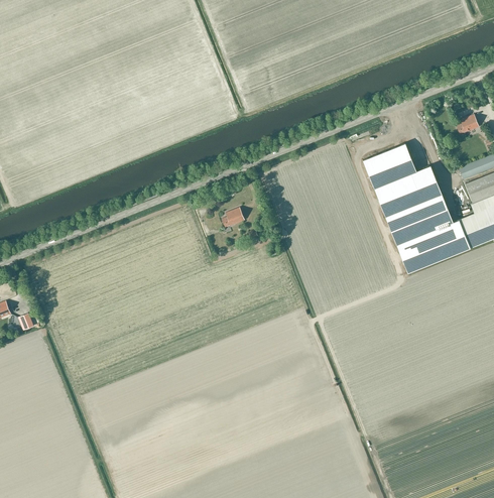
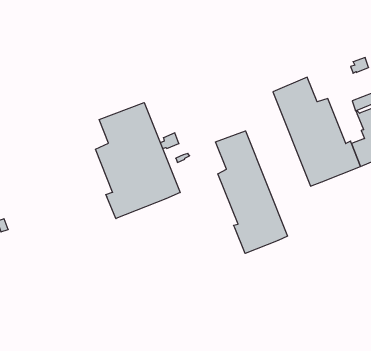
building: none -> [95,103,180,219]
building: none -> [215,131,288,253]

